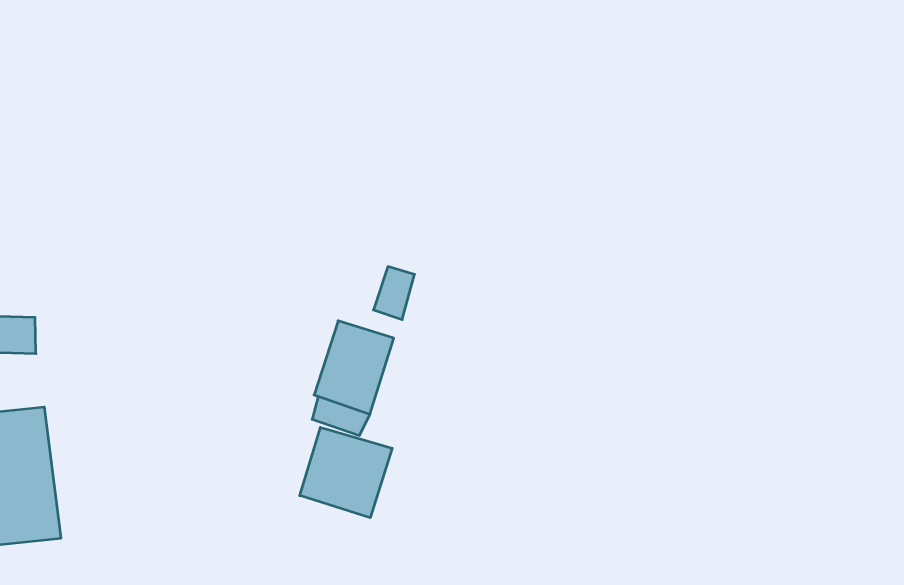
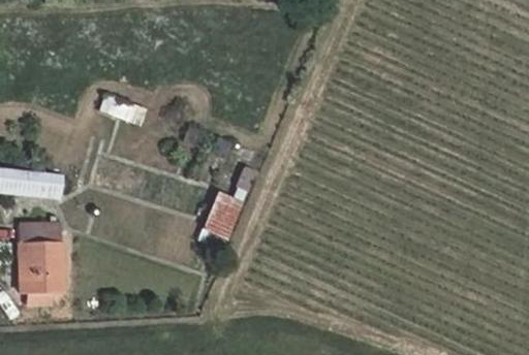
building: [300,427,392,518] -> none

